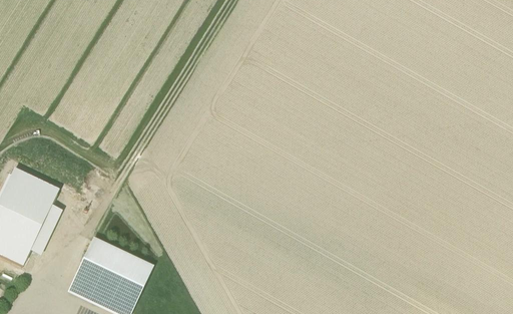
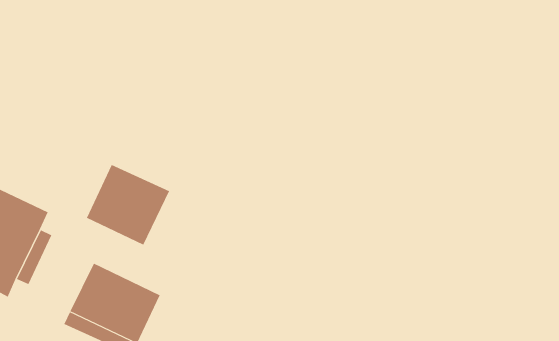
building: none -> [86,164,170,245]

